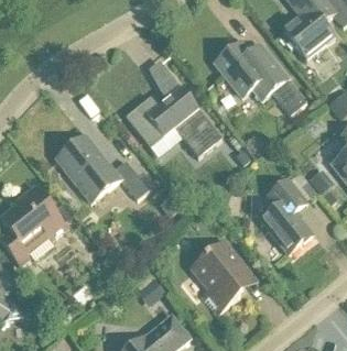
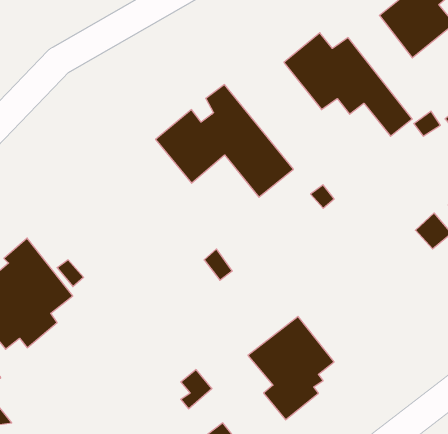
building: [55,134,149,201] -> none
building: [260,177,312,253] -> none

